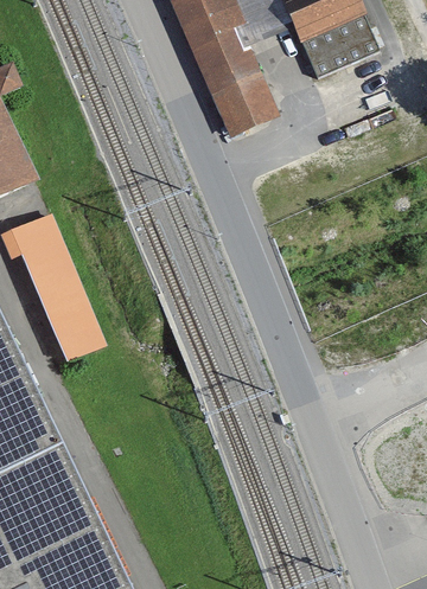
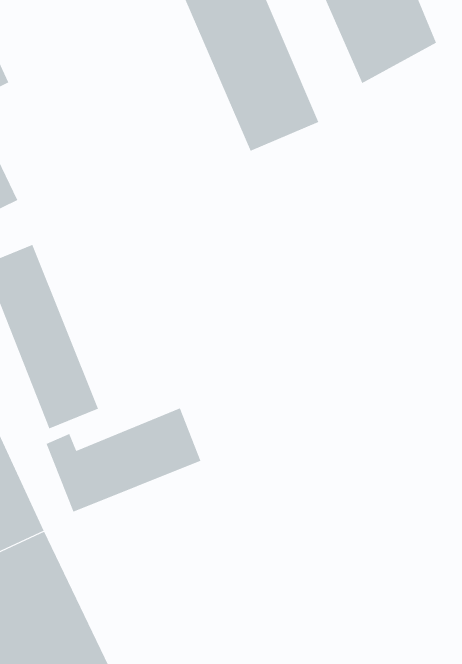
building: none -> [46,408,201,513]

